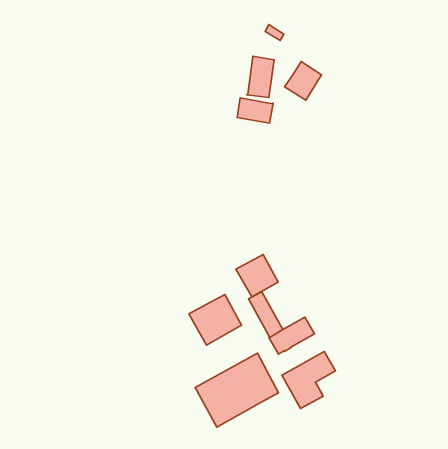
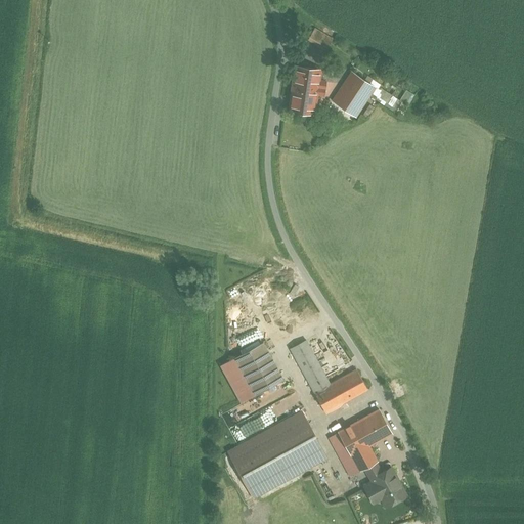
building: [237,98,273,123] -> none
building: [236,254,278,297] -> none
building: none -> [363,463,405,506]

